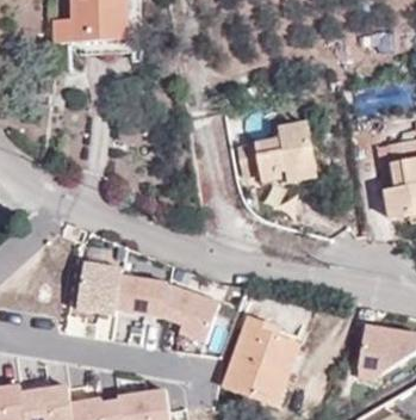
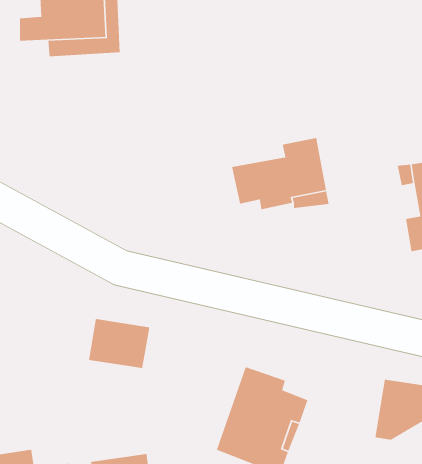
building: [74,260,119,314] -> none
building: [160,283,218,342] -> none

